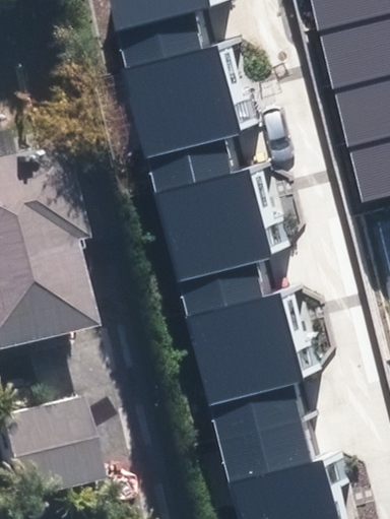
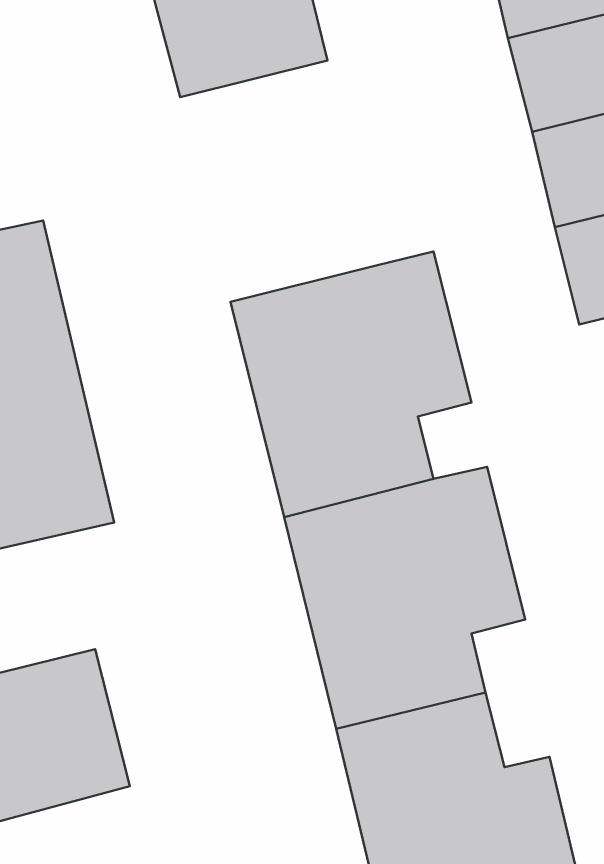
building: [126,40,265,188] -> none

